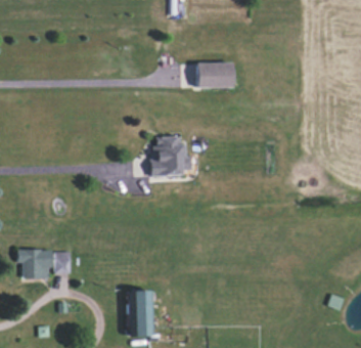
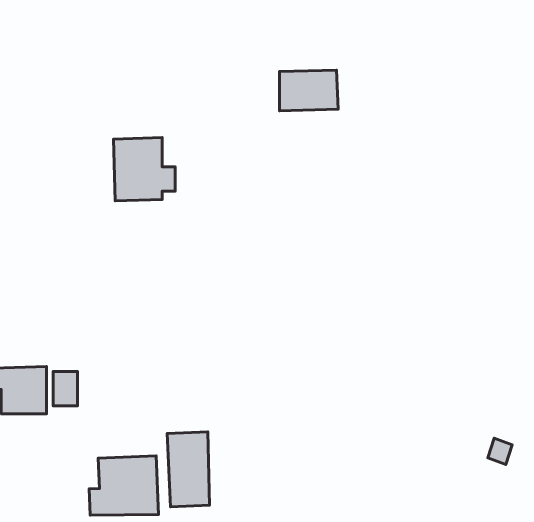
building: [152,136,191,176] -> [113,137,175,201]
building: none -> [89,456,159,515]

